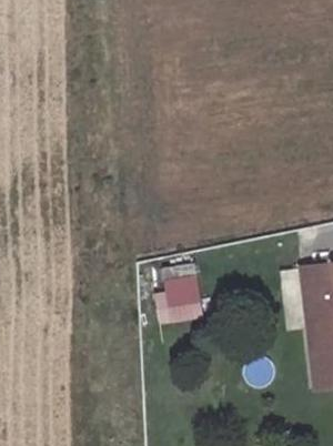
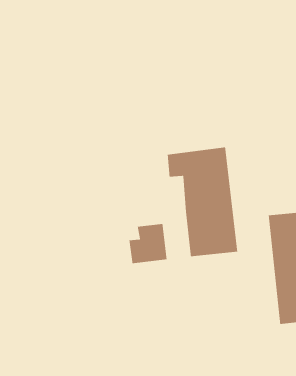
building: none -> [167,147,238,257]

